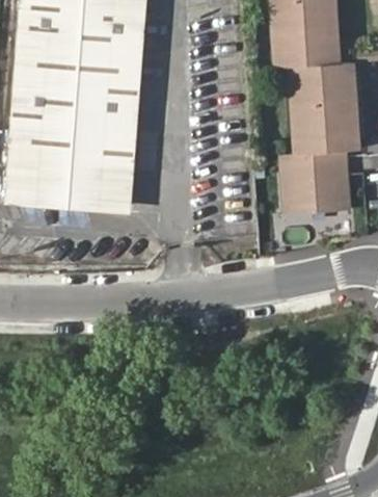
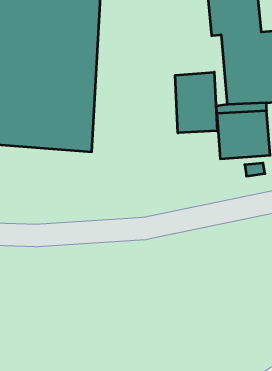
building: none -> [175,72,217,133]

